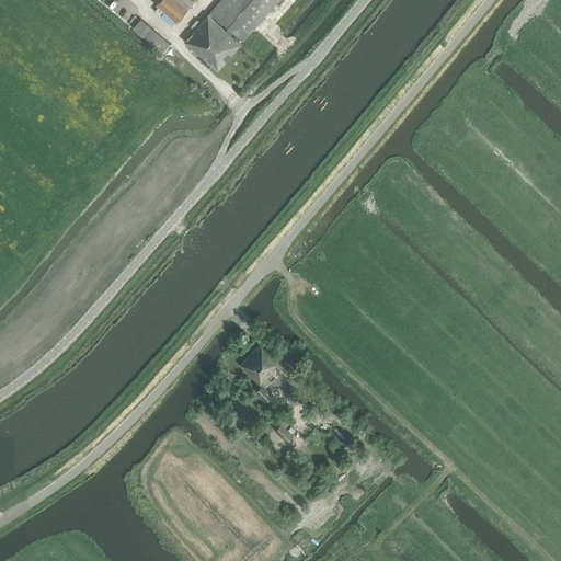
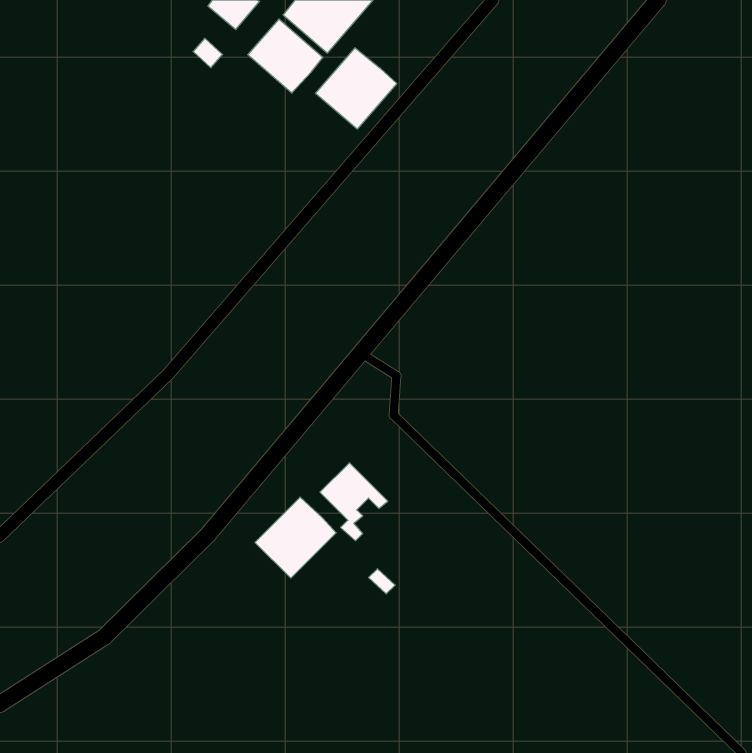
building: none -> [315,48,397,129]
building: none -> [255,497,336,578]

